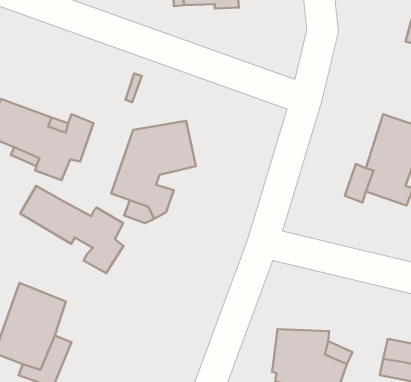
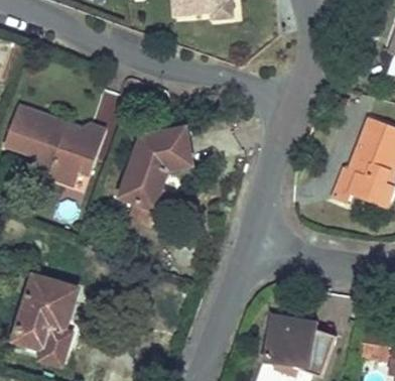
building: [20,186,124,273] -> none

